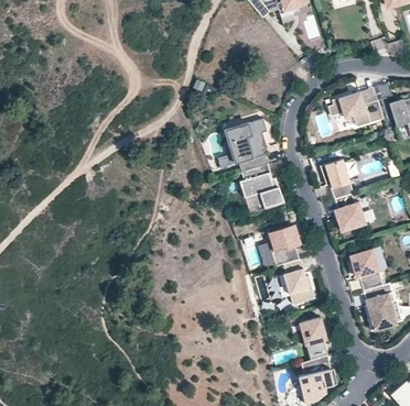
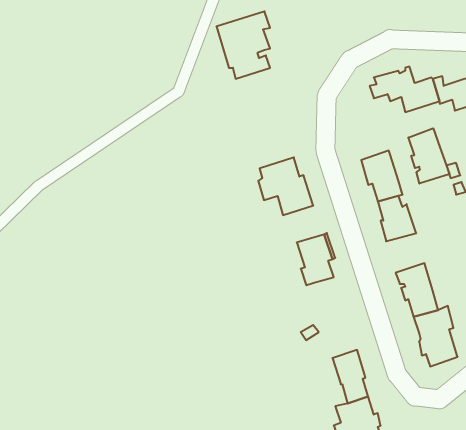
building: [225,119,268,173] -> [216,11,270,79]
building: none -> [408,128,449,184]
building: [284,260,316,306] -> none

